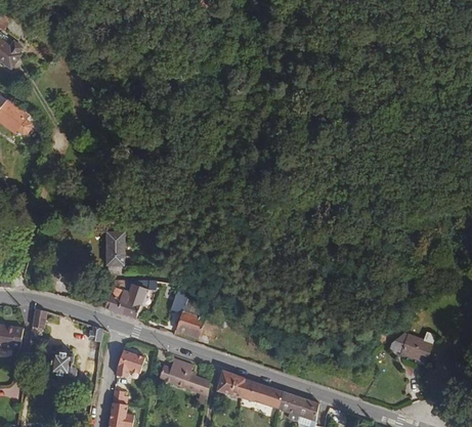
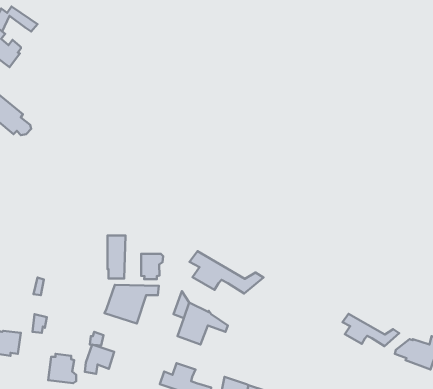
building: none -> [190,251,264,293]
building: none -> [141,254,163,279]
building: none -> [343,314,399,346]
building: [116,349,144,378] -> [85,345,114,374]

